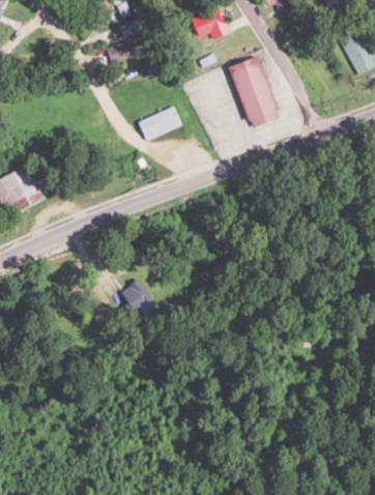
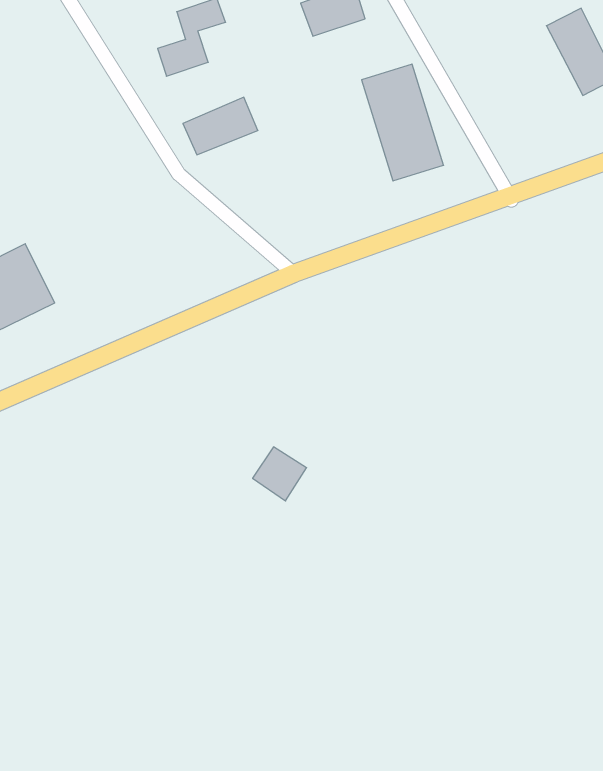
building: [137,106,181,140] -> [183,97,258,155]
building: [124,289,156,321] -> [253,447,307,501]

